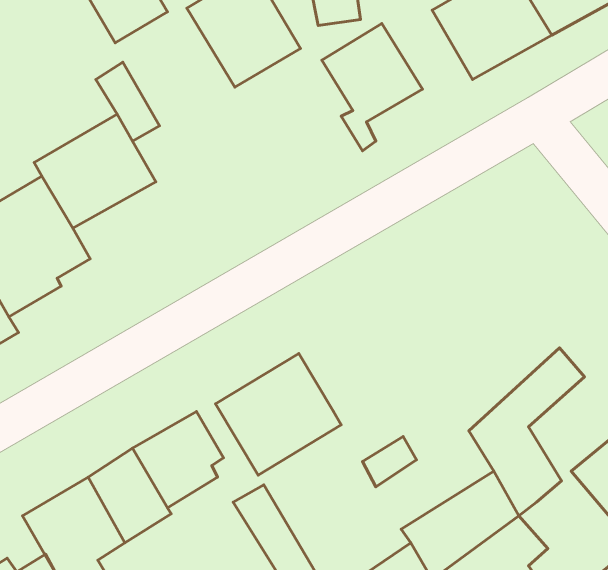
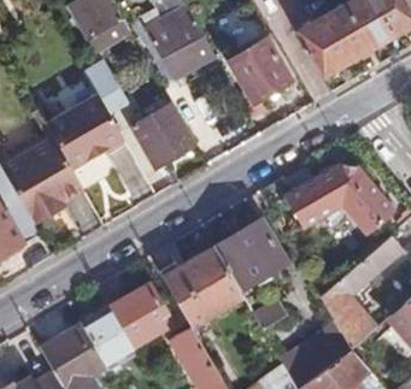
building: none -> [131,108,193,169]
building: none -> [284,163,389,232]
building: none -> [213,219,281,283]

